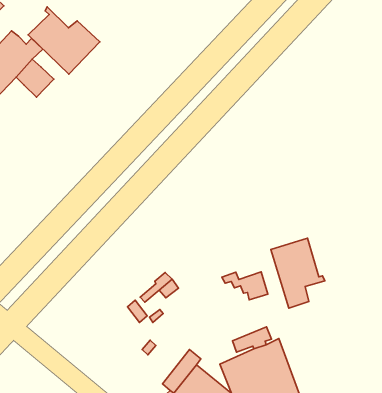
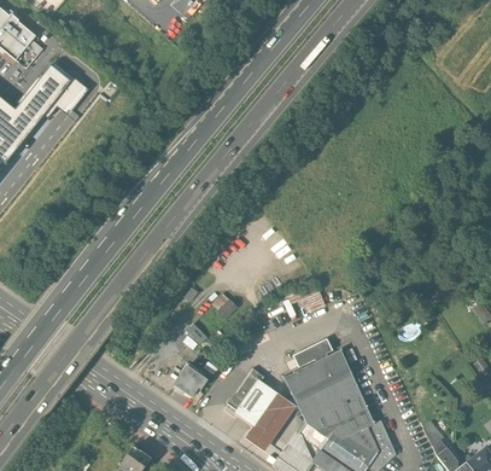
building: [28,7,100,74] -> none
building: [271,238,325,308] -> none
building: none -> [171,364,206,397]

